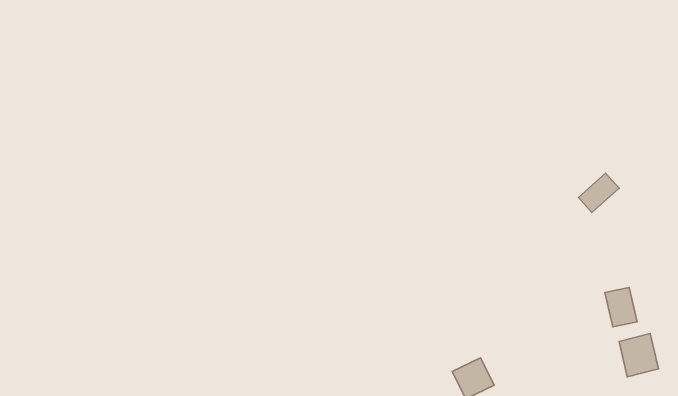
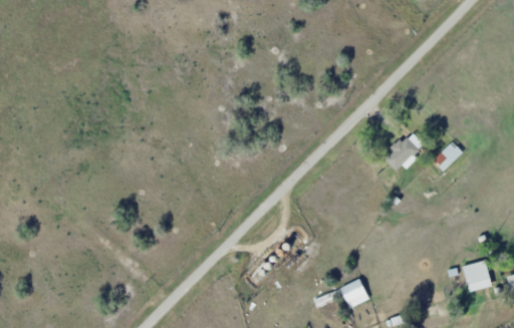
building: none -> [382,131,423,171]
building: [605,287,637,327] -> none

